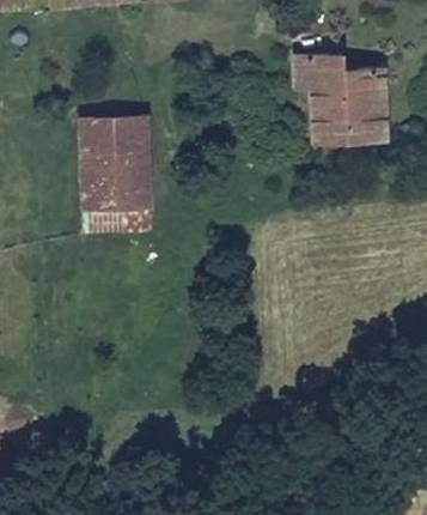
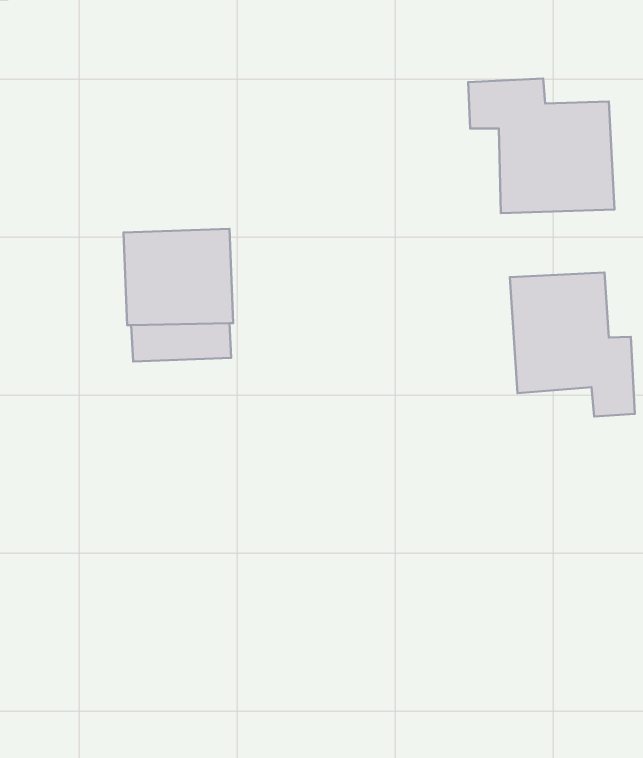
building: [79,117,146,151] -> none
building: none -> [510,272,635,416]

